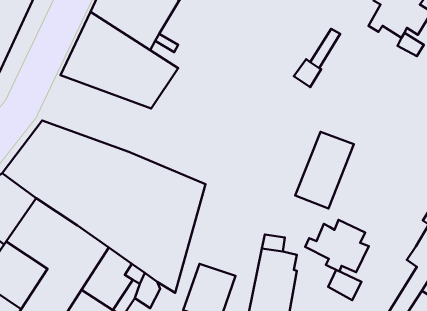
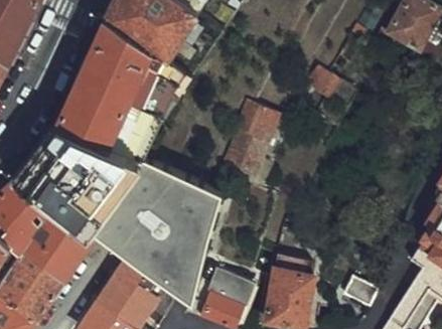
building: none -> [53,83,164,159]
building: [295,132,354,209] -> [218,101,277,177]
building: none -> [19,205,91,276]
building: [305,220,369,272] -> none

